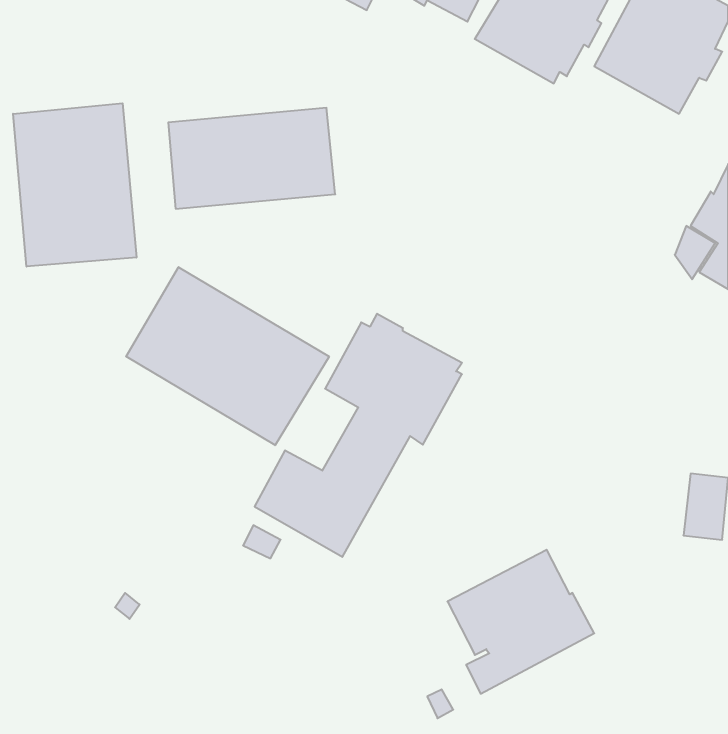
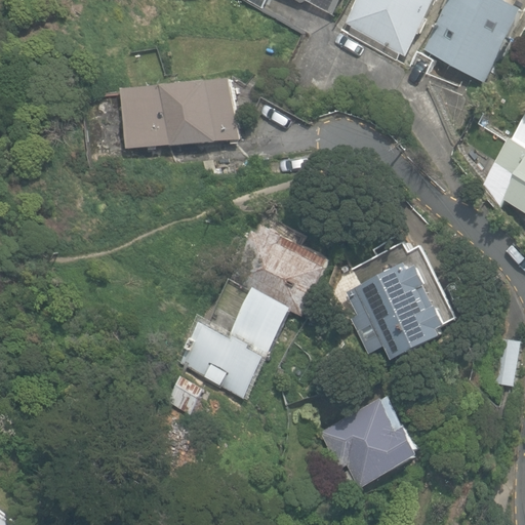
building: [13,103,136,267] -> none
building: [126,267,329,445] -> none
building: none -> [346,240,457,358]

